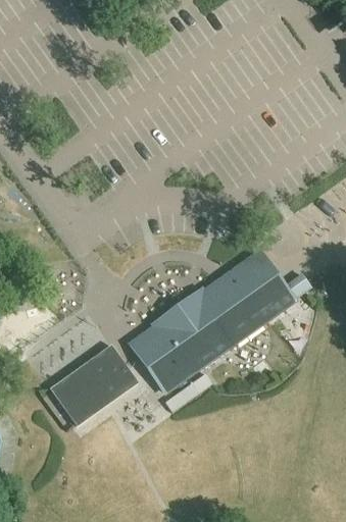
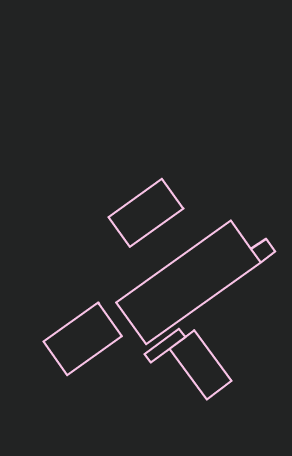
building: none -> [108,179,183,247]
building: none -> [170,330,232,399]

